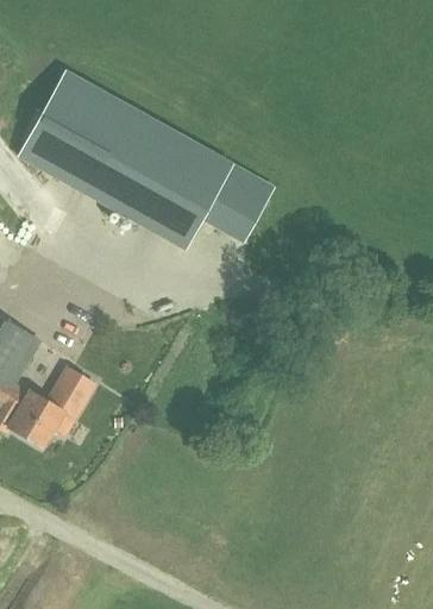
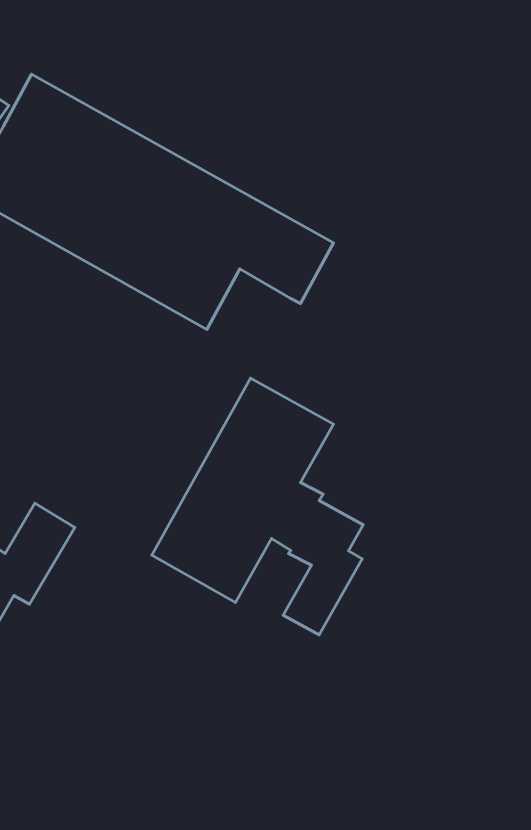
building: none -> [152,378,363,635]

